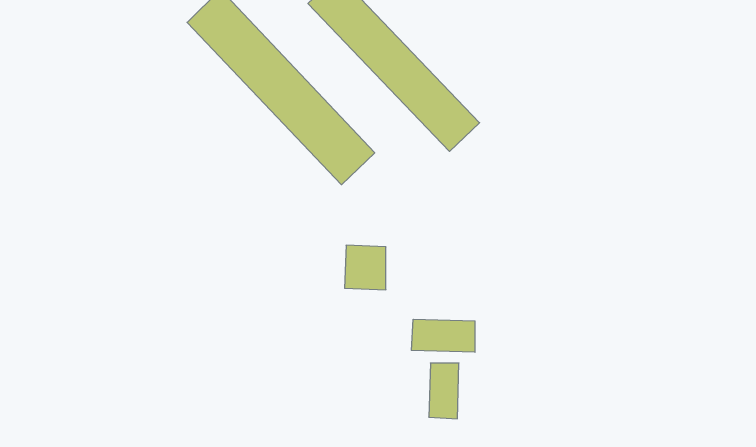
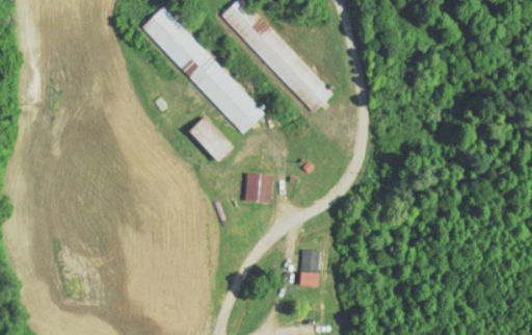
building: none -> [187,115,232,162]
building: [411,319,475,352] -> none

